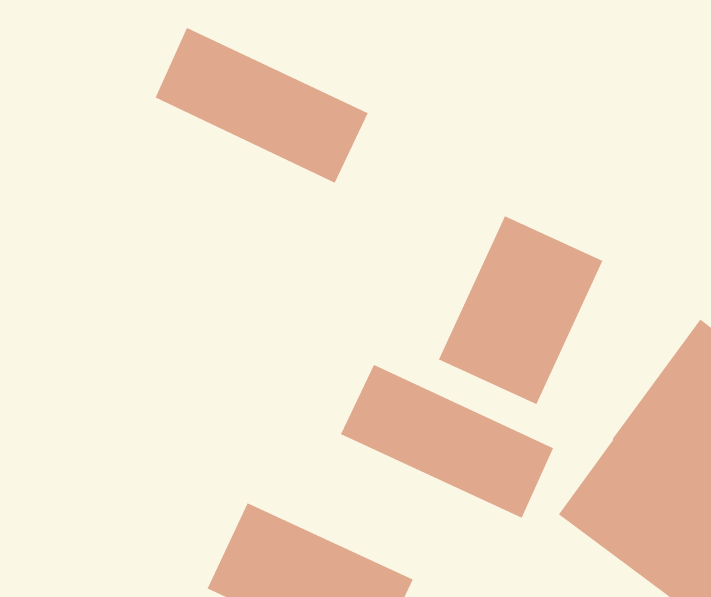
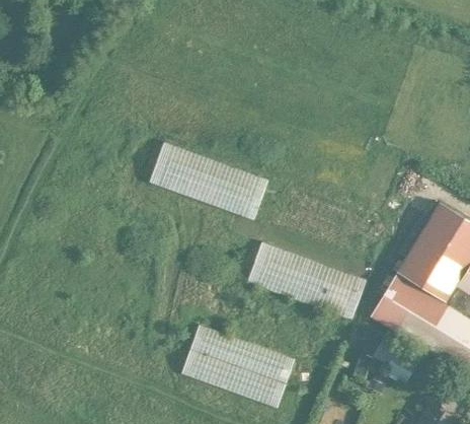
building: [155,27,369,184] -> [150,141,268,220]
building: [438,215,603,405] -> none

